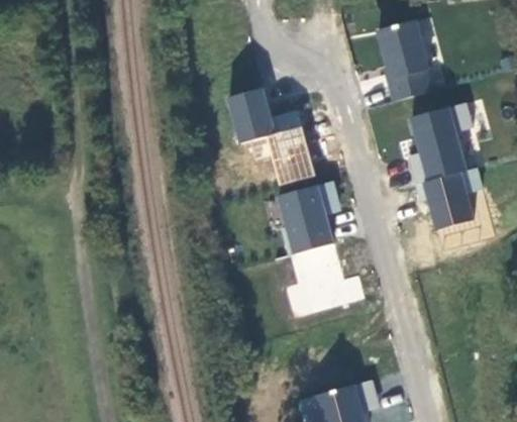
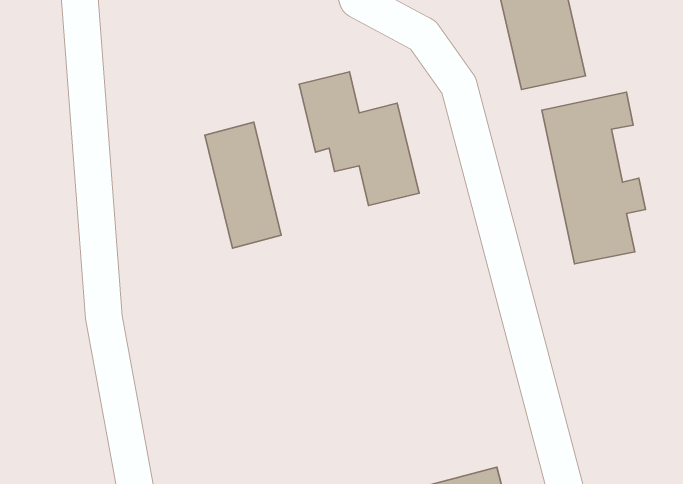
building: none -> [205,122,281,248]
building: [276,182,365,317] -> none

